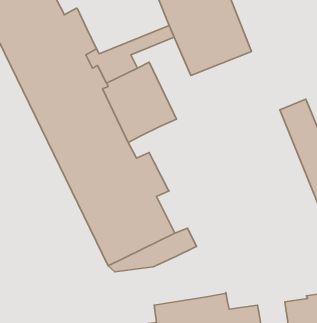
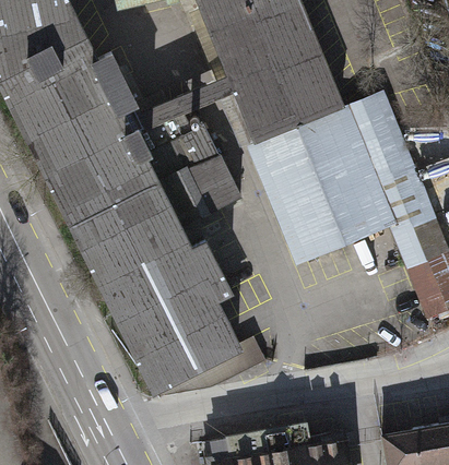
building: none -> [344,94,409,184]
building: none -> [255,108,385,257]

